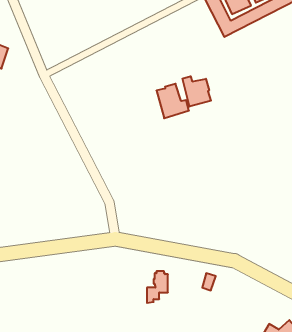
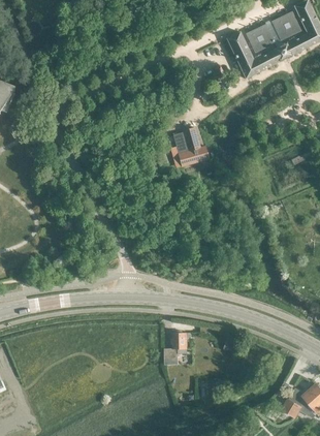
building: [182,76,211,107] -> none

